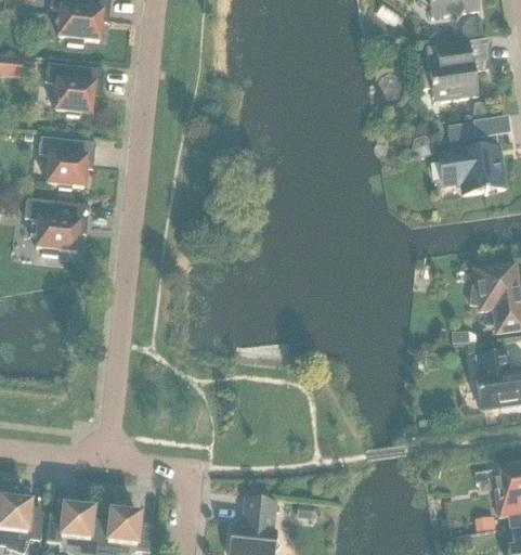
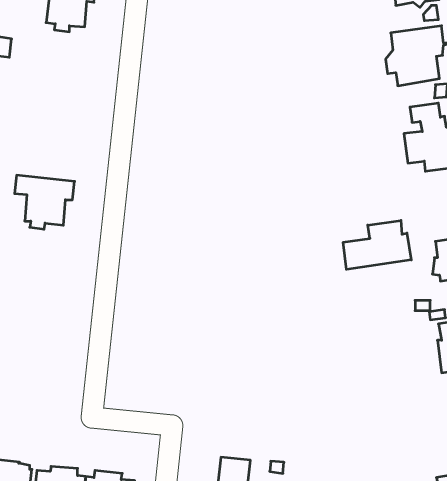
building: [47,62,103,115] -> none
building: [38,135,95,188] -> none
building: none -> [343,220,411,269]

